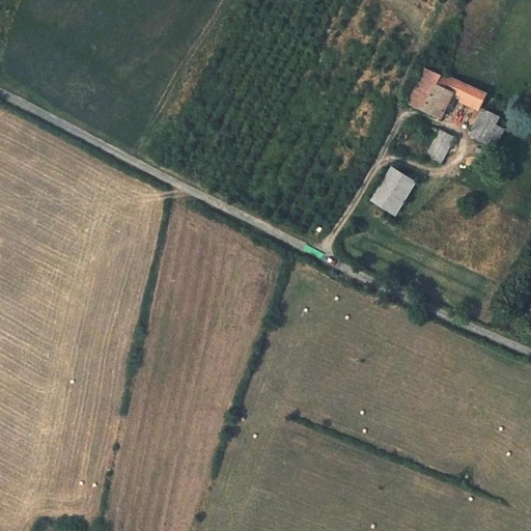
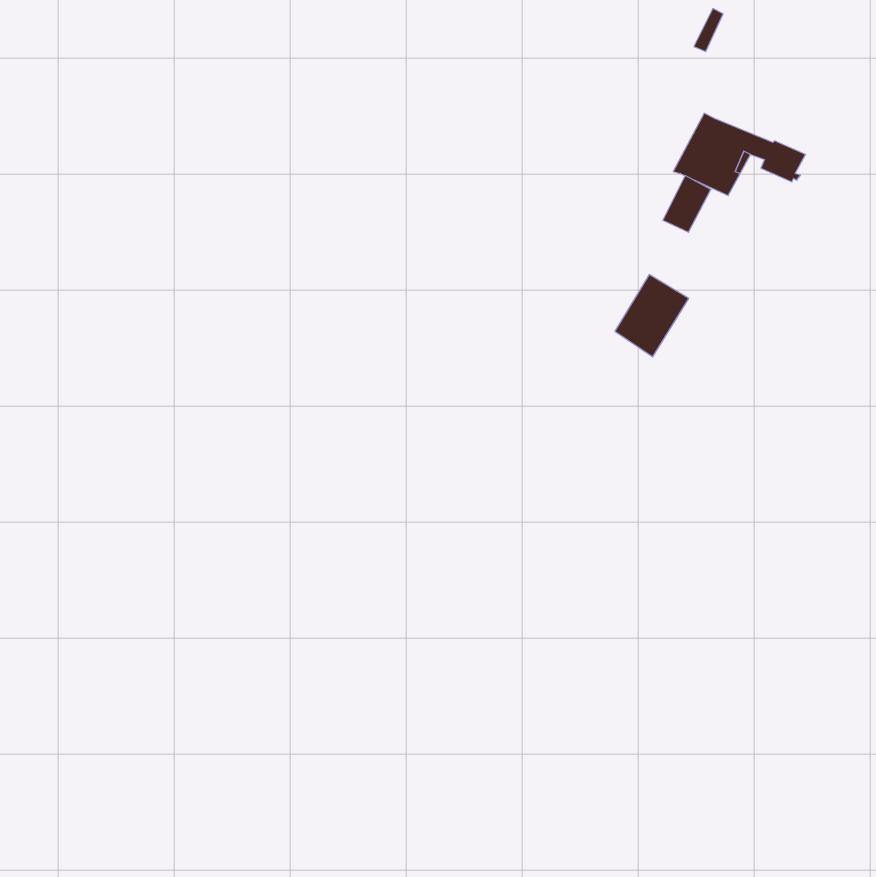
building: [469,108,504,147] -> none
building: [425,130,454,164] -> [663,176,711,232]

